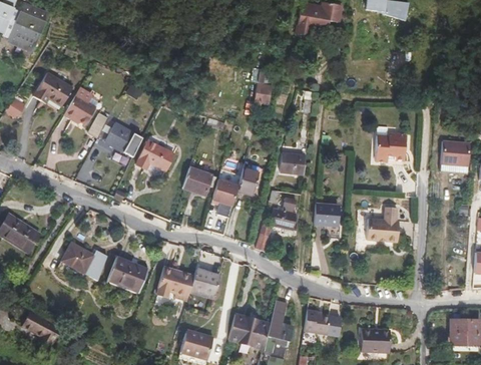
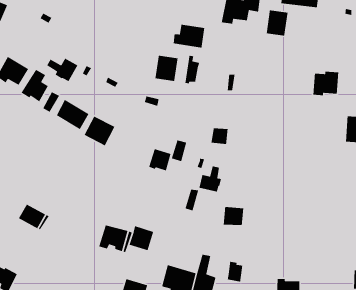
building: none -> [266,9,288,37]
building: none -> [173,24,205,49]
building: none -> [155,55,178,82]
building: none -> [46,58,79,82]
building: [375,132,406,161] -> [312,71,339,96]
building: [183,167,212,196] -> none
building: [314,204,339,227] -> [223,206,244,226]
building: [366,207,398,242] -> none
building: [106,255,147,292] -> none
building: [320,314,343,337] -> none

